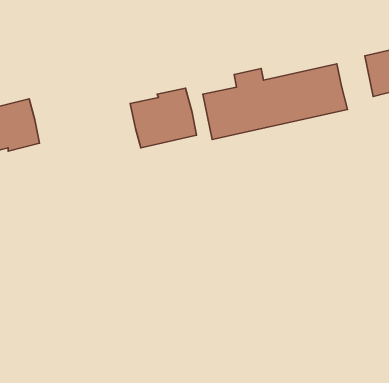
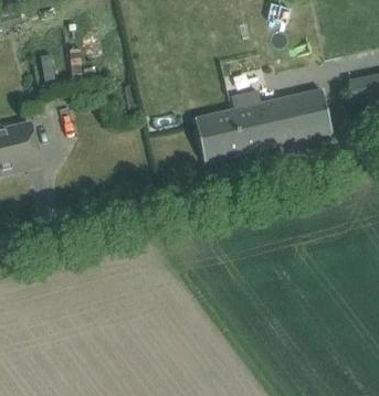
building: [130,88,197,148] -> none

